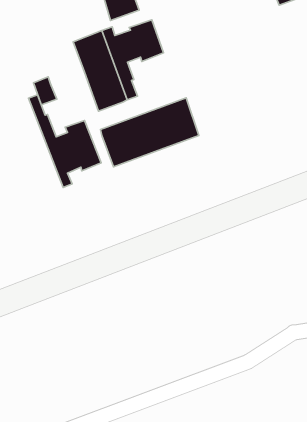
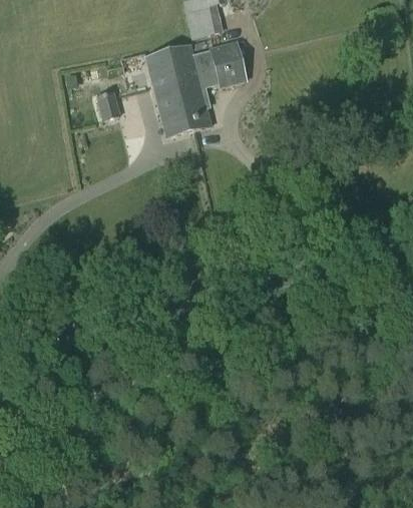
building: [29,95,101,187] -> none
building: [100,98,199,167] -> none

